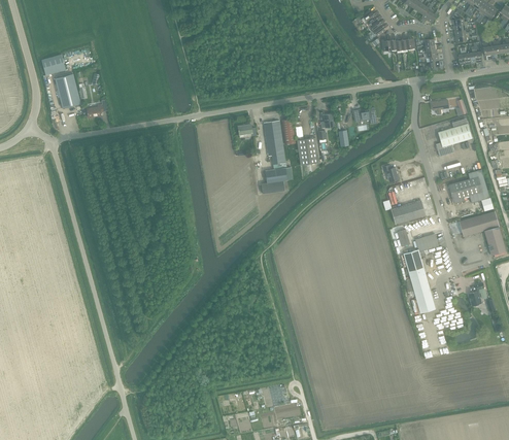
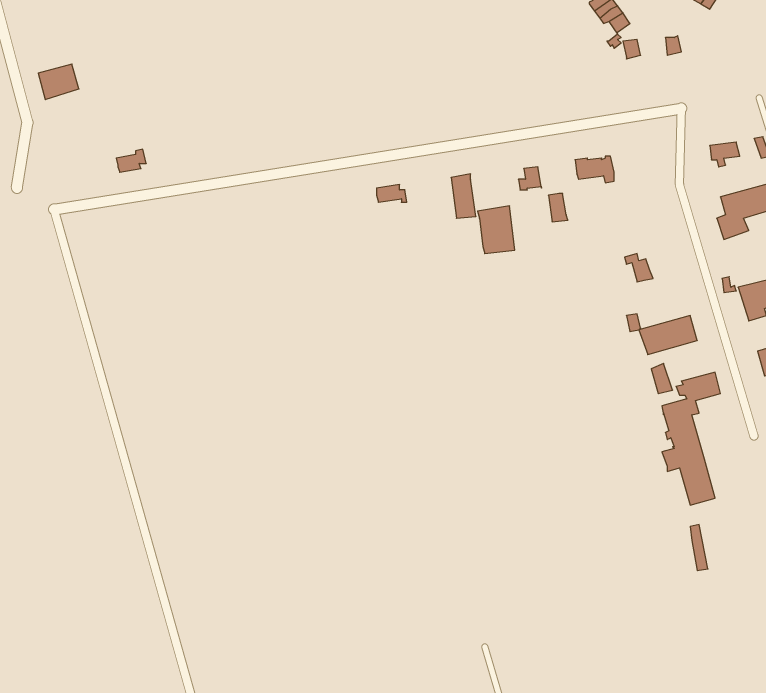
building: [55,73,78,107] -> none
building: [260,120,292,193] -> none

